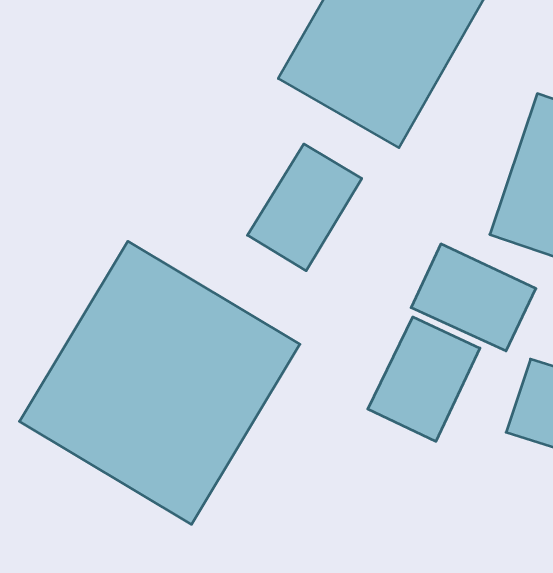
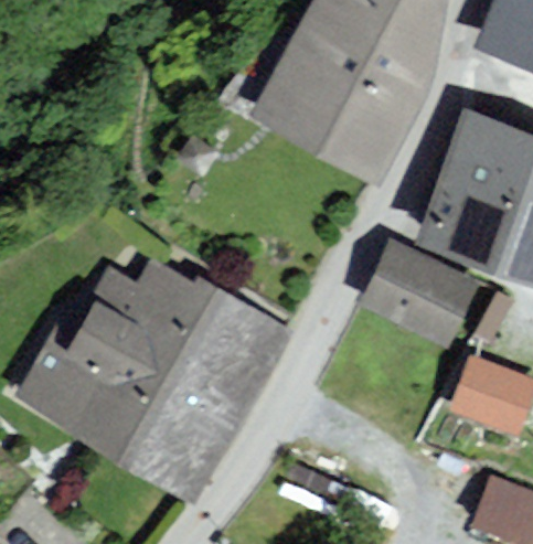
building: [247,144,362,271] -> none
building: [368,317,480,441] -> none

